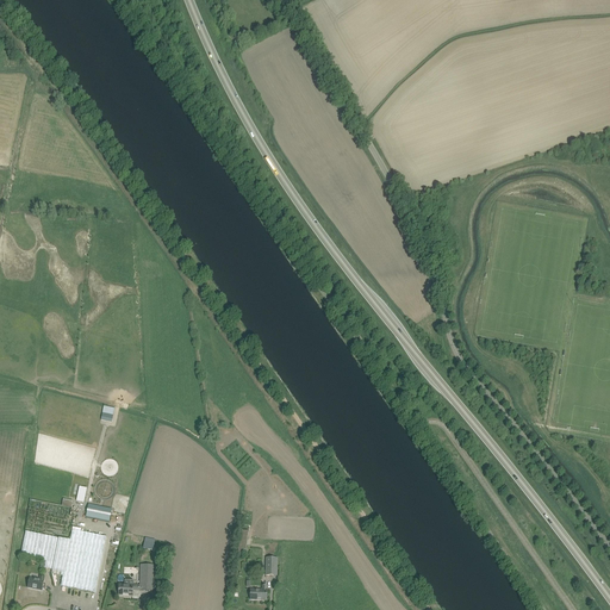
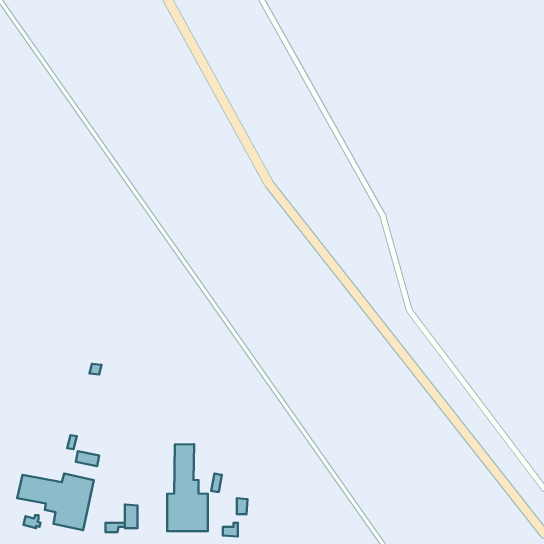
building: none -> [167,444,208,531]

